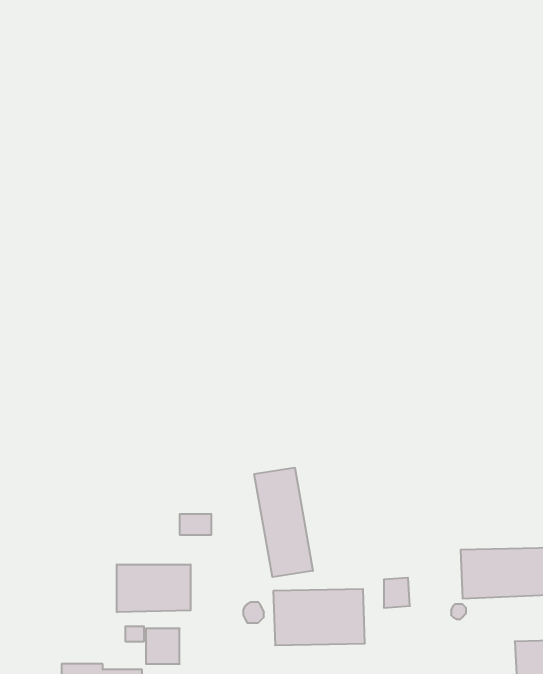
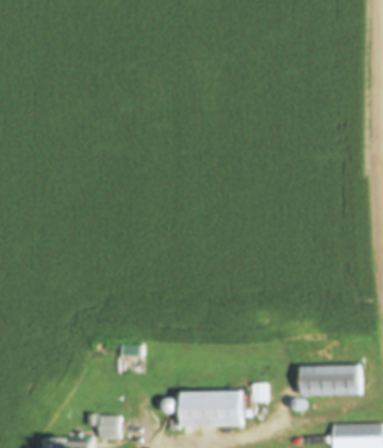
building: [254,468,313,577] -> none
building: [117,564,191,612] -> none

